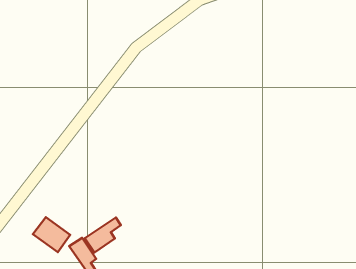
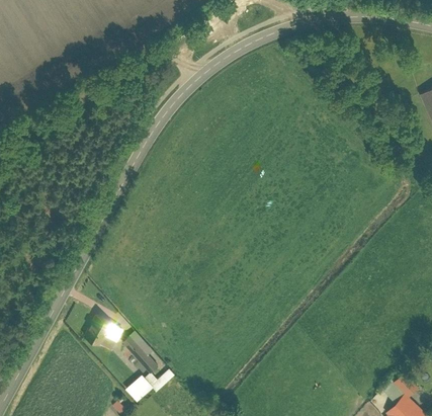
building: [85,218,121,252] -> none

